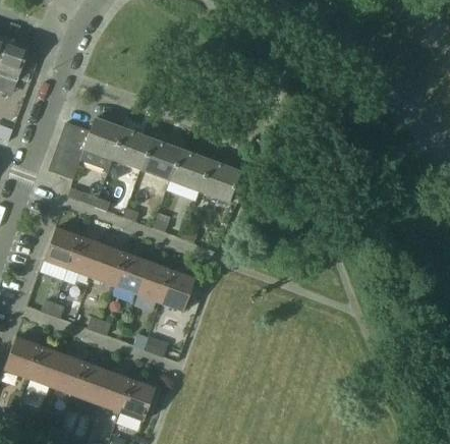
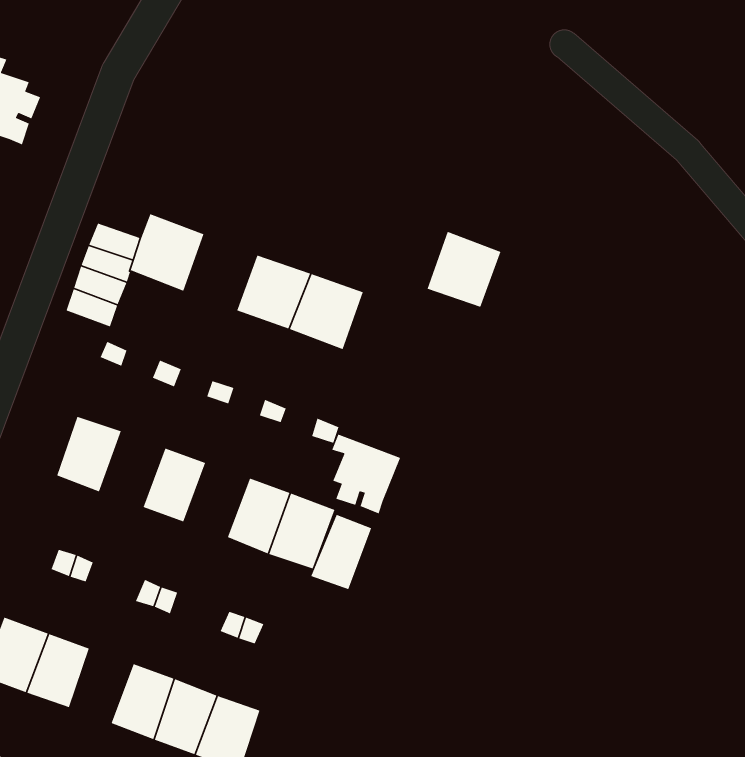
building: [113,128,153,170] -> none
building: [200,160,240,202] -> [427,231,502,308]
building: [67,235,103,277] -> none
building: none -> [331,434,401,515]
building: [113,253,149,293] -> none
building: none -> [310,514,372,590]
building: [51,353,86,394] -> none

